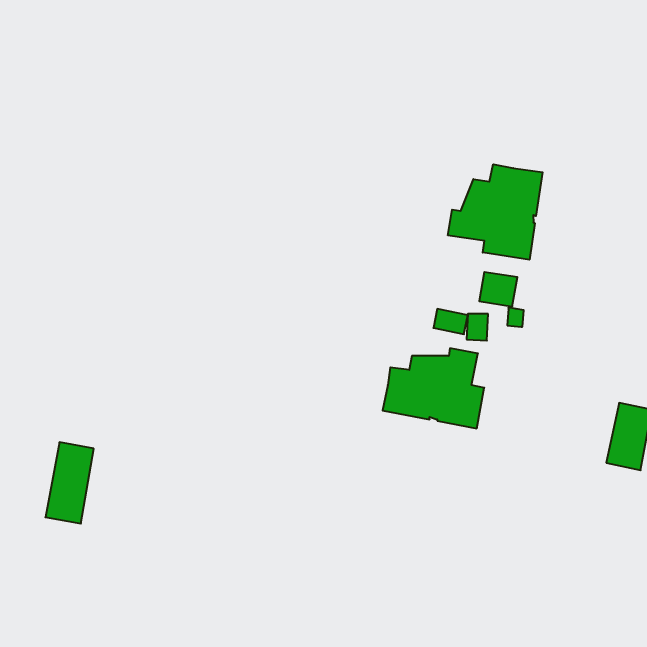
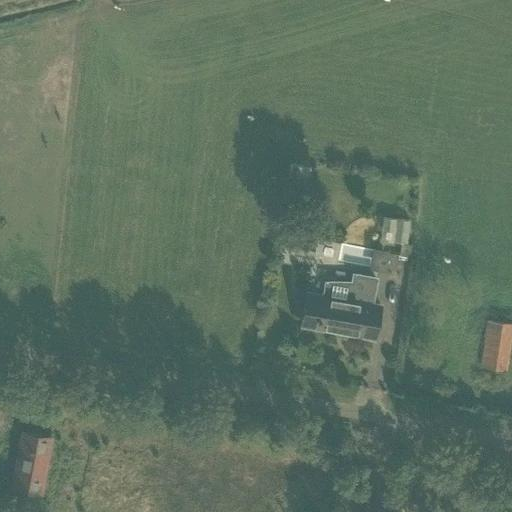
building: [448,164,543,260] -> none
building: [45,442,94,524] -> [14,433,52,497]

